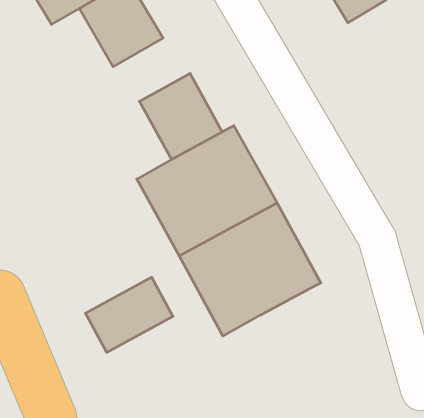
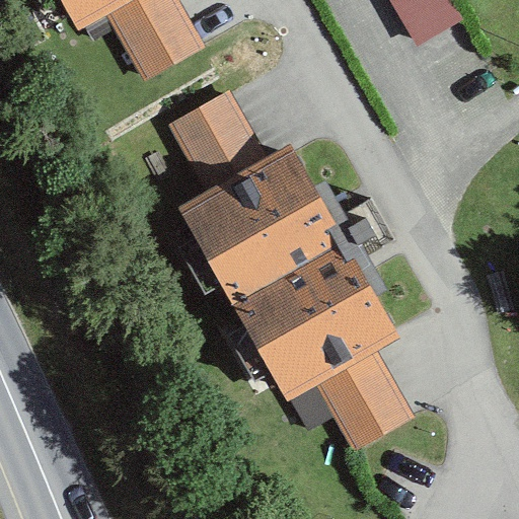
building: [85,277,173,352] -> none
building: none -> [322,344,424,446]

